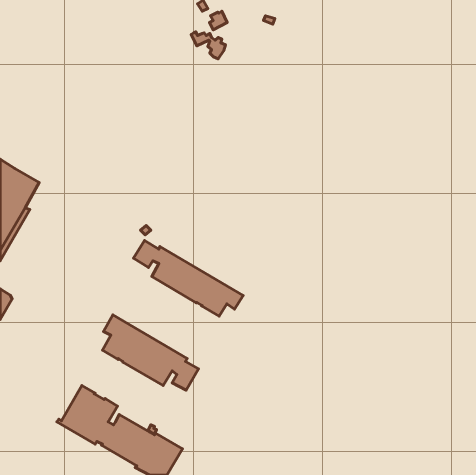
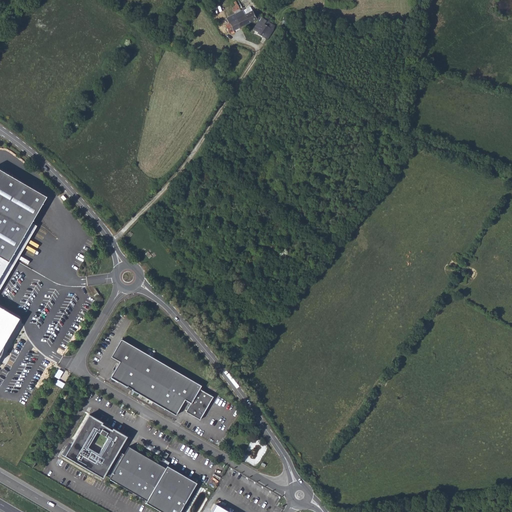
building: [191,32,226,59] -> [238,9,275,38]
building: [133,240,243,316] -> none

